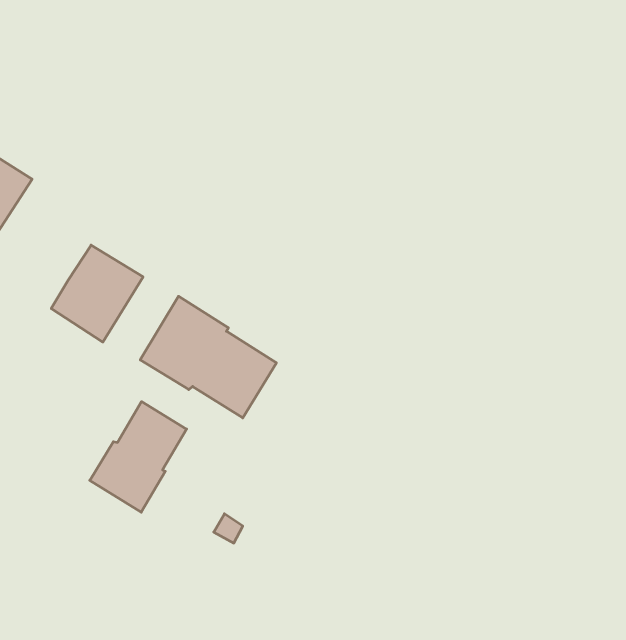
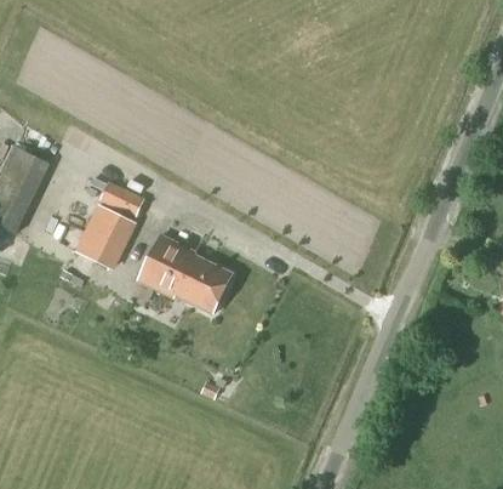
building: none -> [97,180,143,217]
building: [90,402,187,512] -> none

